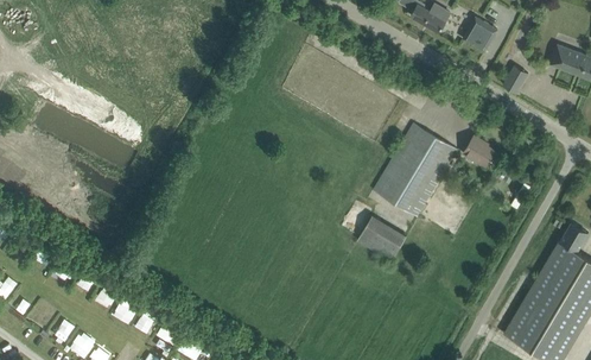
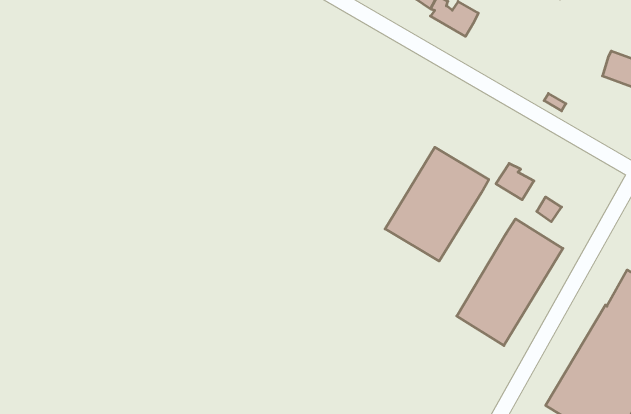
building: [463,17,497,51] -> none
building: none -> [457,219,563,346]
building: [358,219,405,261] -> none

